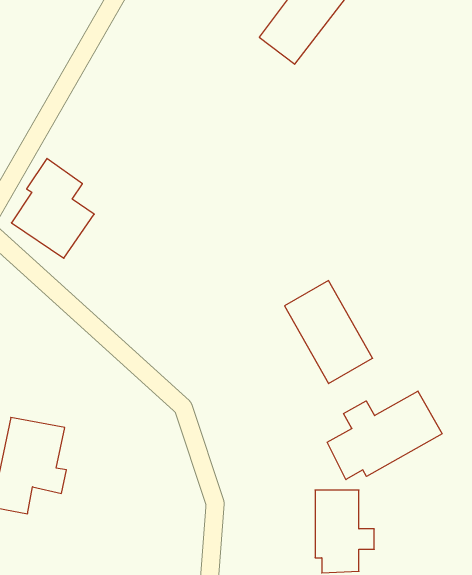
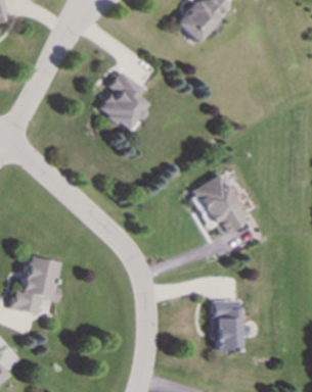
building: [11,158,94,258] -> [98,70,148,131]
building: [327,391,442,480] -> none

